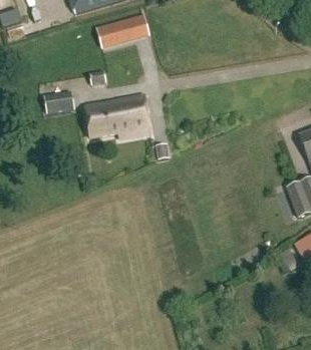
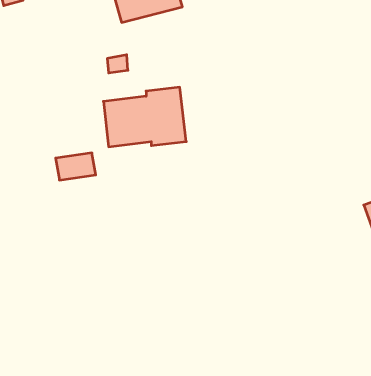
building: [44,91,75,112] -> [56,153,96,180]

